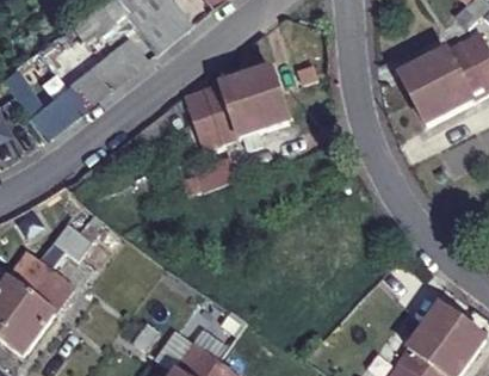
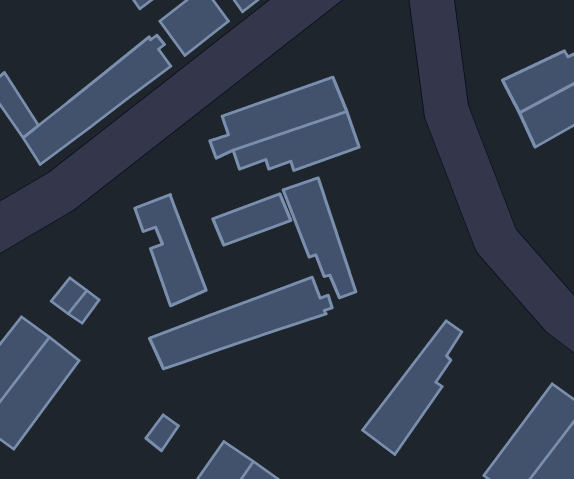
building: none -> [283,178,356,298]
building: none -> [135,194,206,306]
building: none -> [149,277,332,369]
building: none -> [363,321,462,454]

